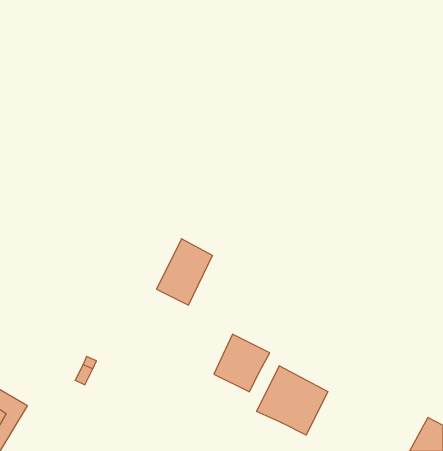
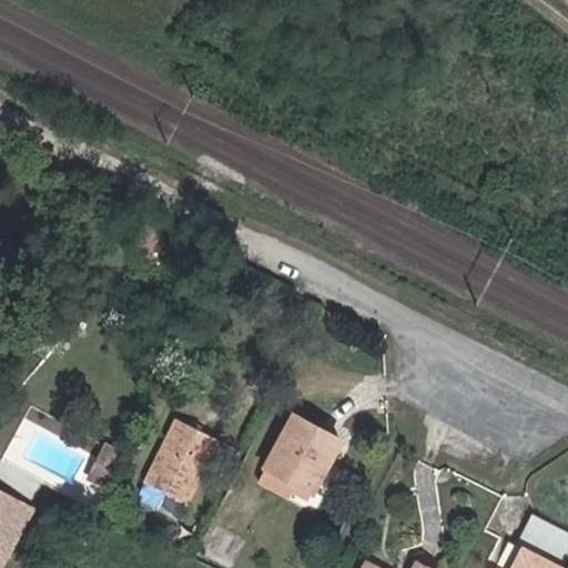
building: [157,239,212,305] -> [143,419,213,503]
building: [257,366,328,435] -> none

